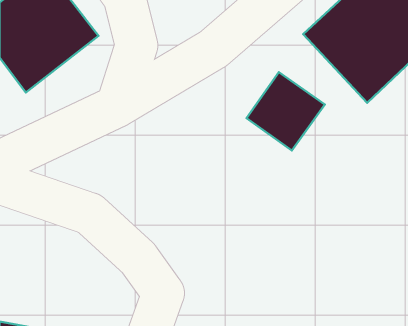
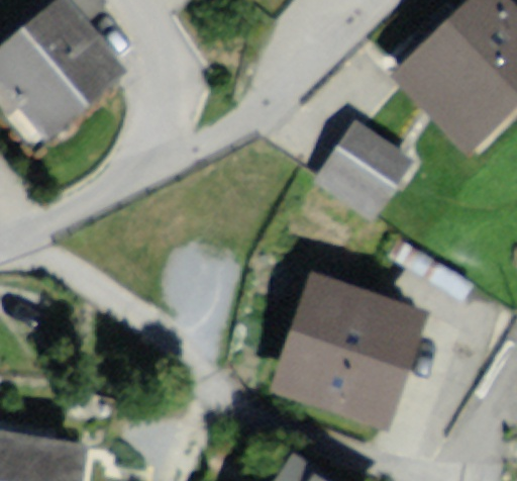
building: none -> [270,272,433,430]

